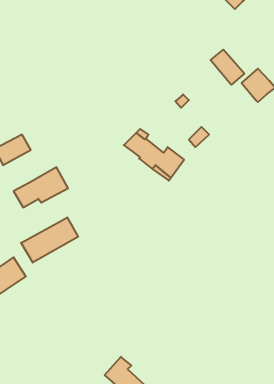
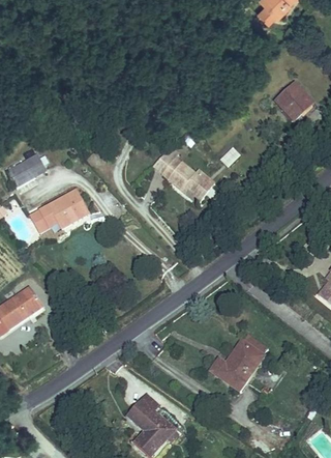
building: [211,50,244,85] -> none
building: [21,217,78,263] -> none
building: none -> [211,335,267,392]

